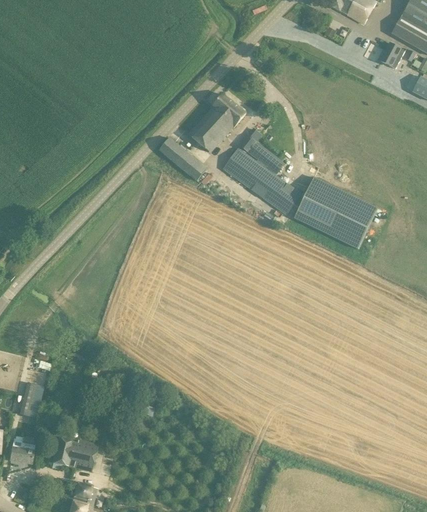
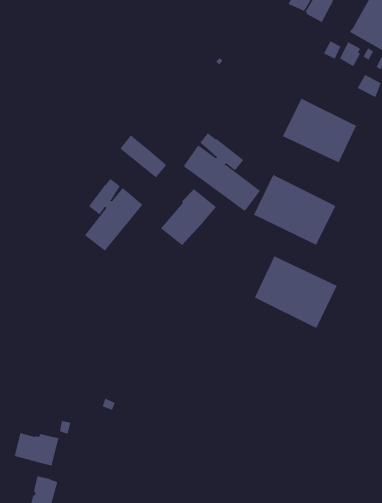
building: [189,94,246,152] -> [160,189,217,246]
building: none -> [282,98,357,163]
building: none -> [84,178,143,252]
building: none -> [254,256,338,329]

